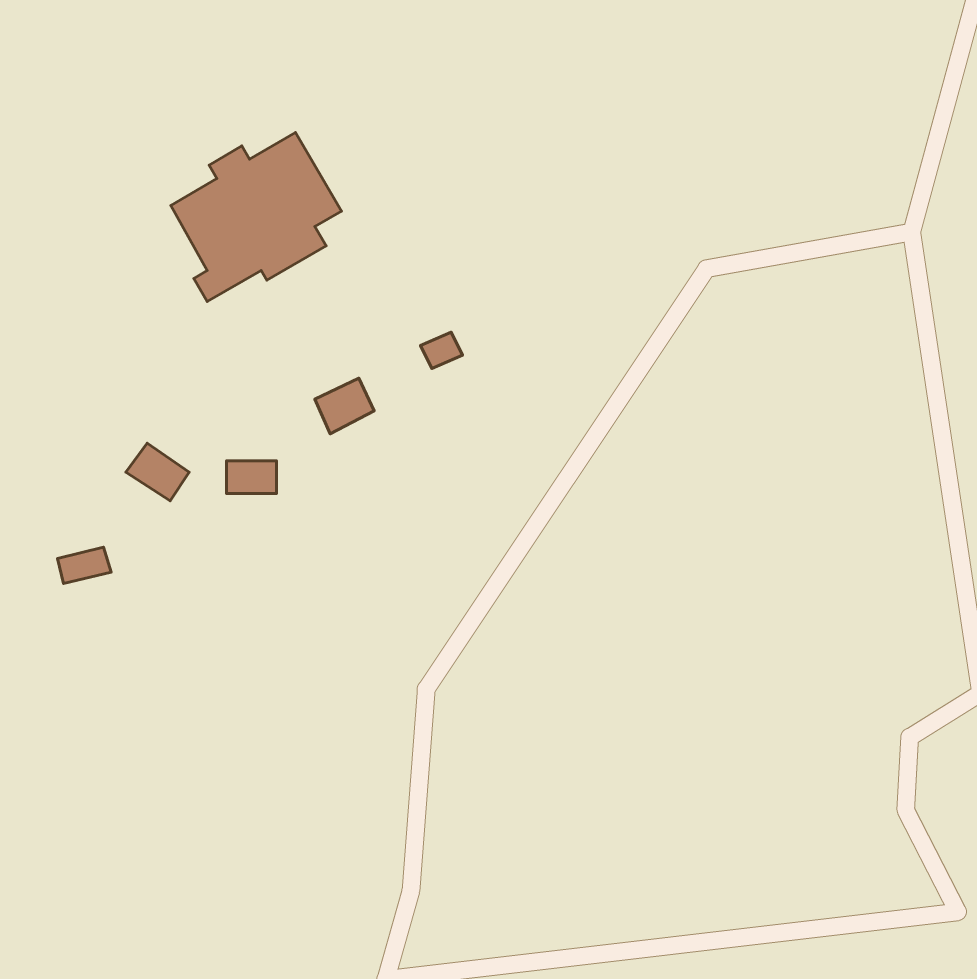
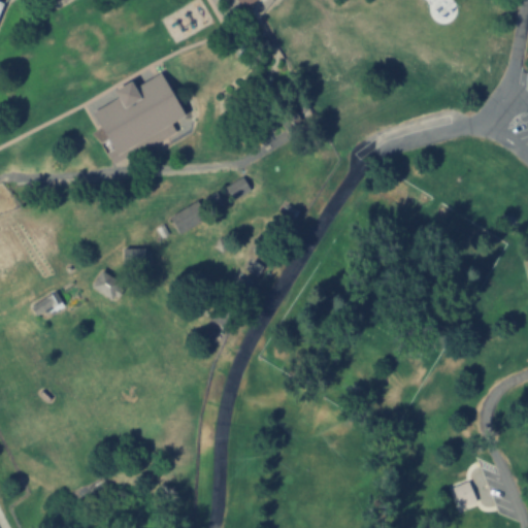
building: [126,443,189,501] -> [92,269,126,300]
building: none -> [452,481,476,506]

